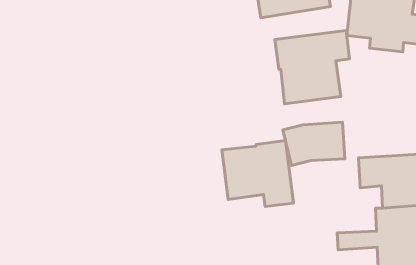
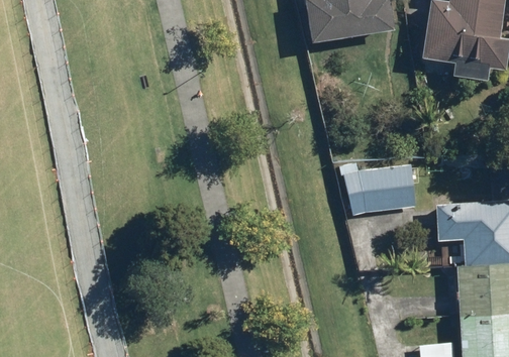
building: [275,30,350,104] -> none
building: [222,141,293,207] -> none

